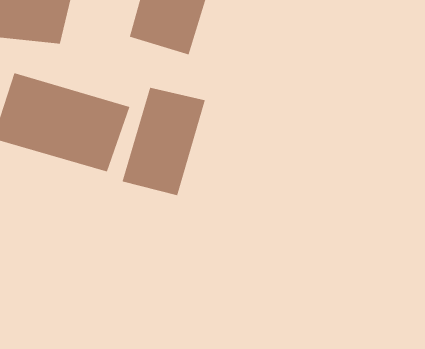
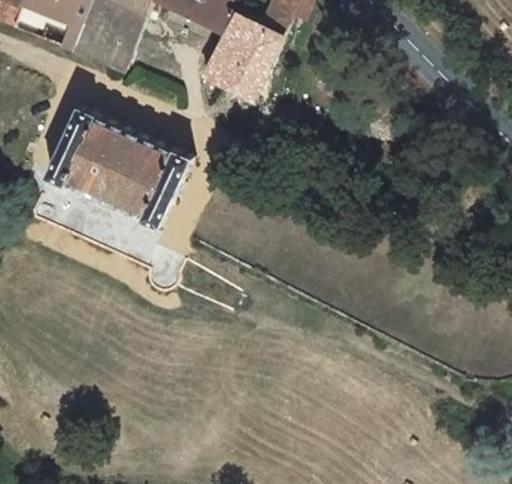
building: [121,87,206,196] -> none

